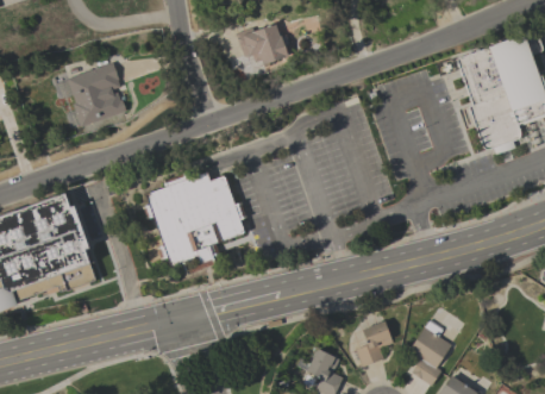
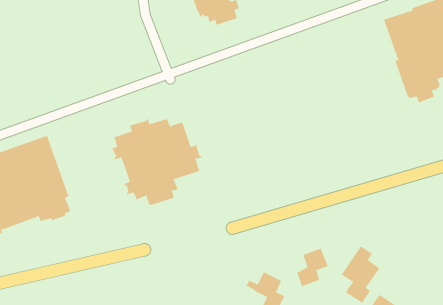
building: [67,63,126,127] -> none

